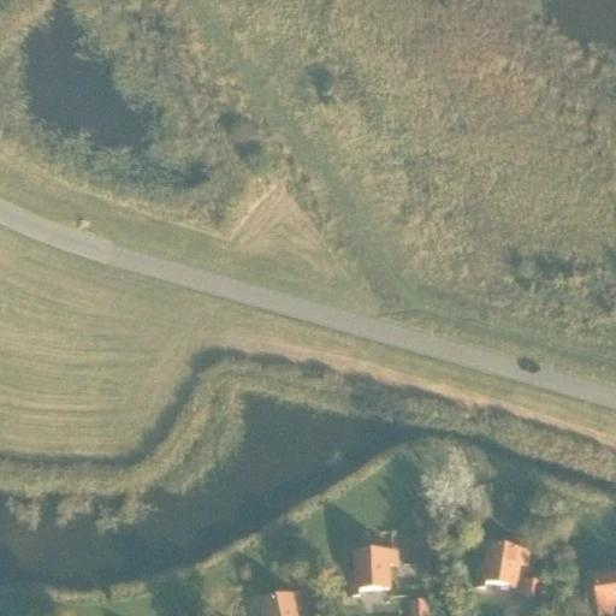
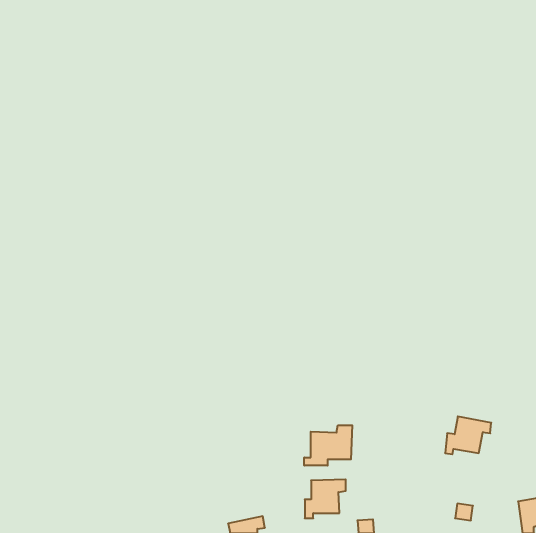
building: none -> [304,425,352,466]
building: [476,543,529,586] -> [445,416,491,454]

